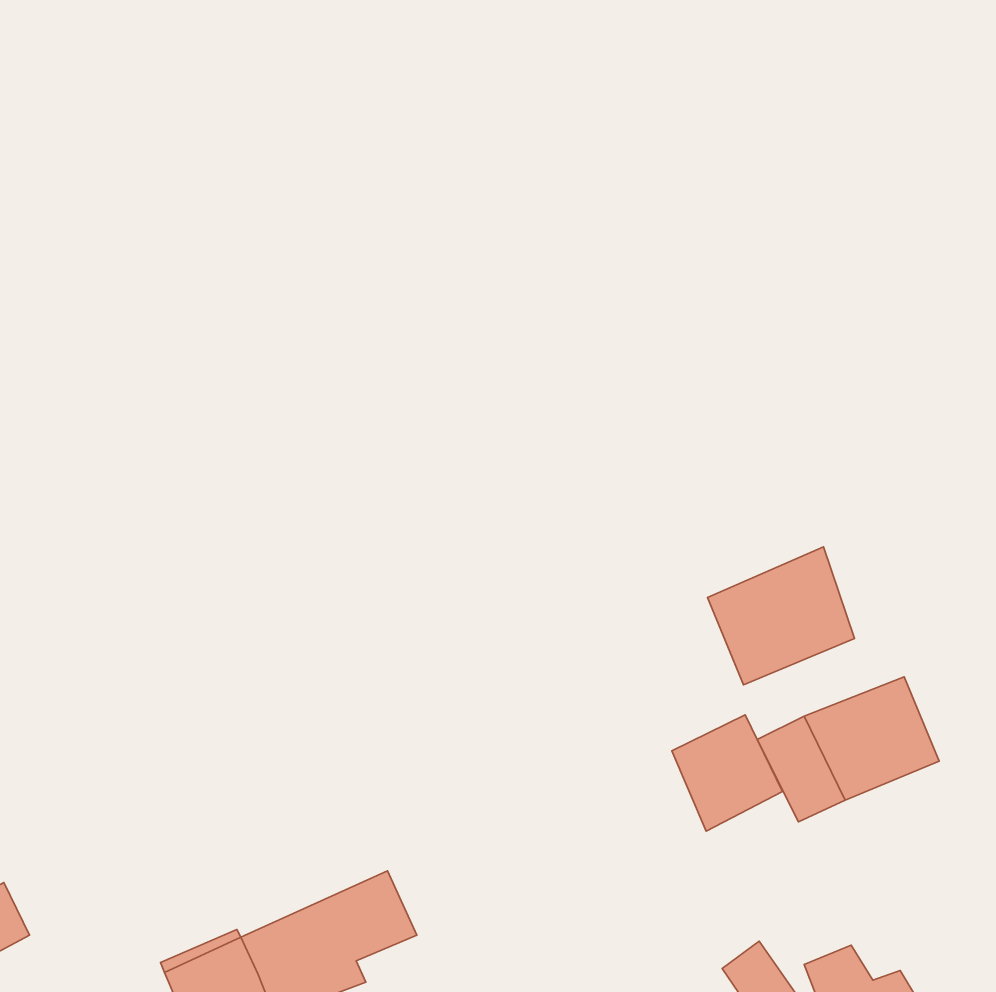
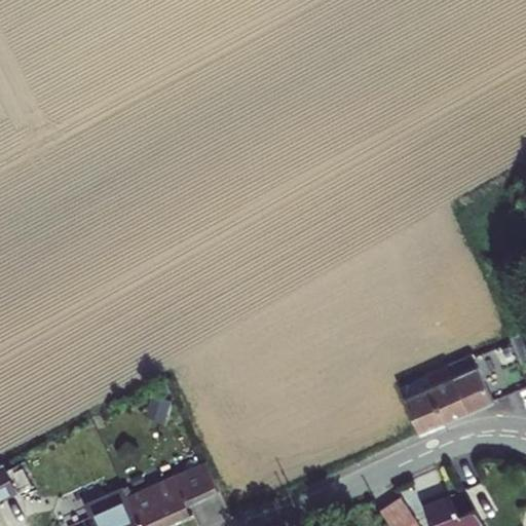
building: [707,547,855,685] -> none
building: [672,715,783,831] -> none

